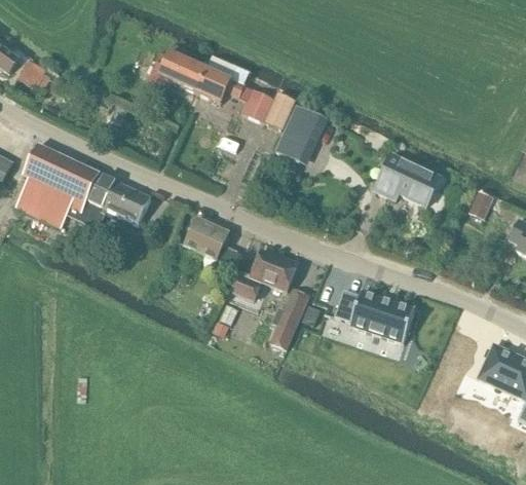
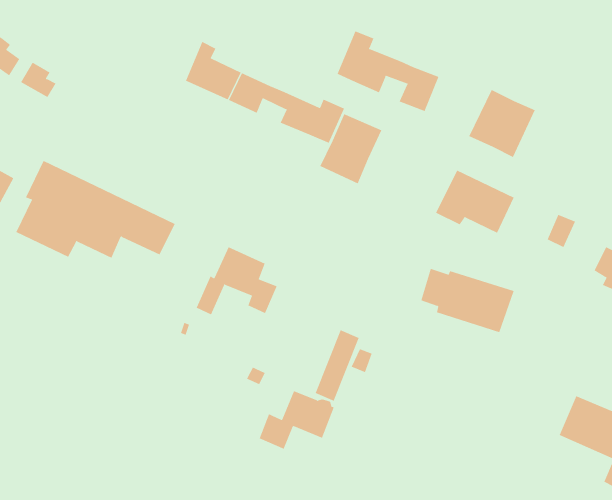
building: none -> [337,30,439,112]
building: none -> [469,89,536,158]
building: [231,251,296,301] -> [259,391,334,449]
building: [335,287,415,342] -> [421,268,514,333]

